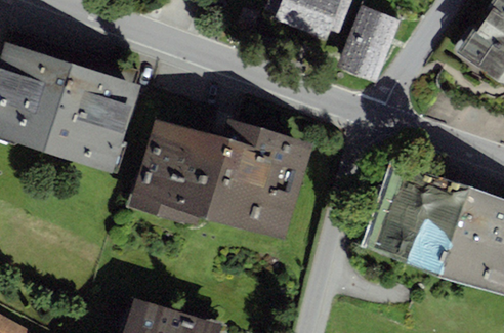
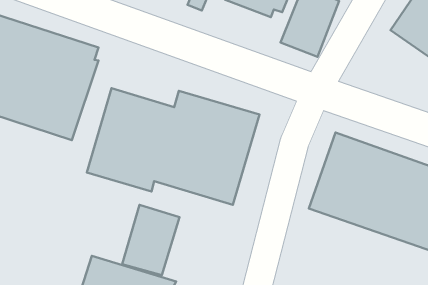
building: none -> [122,205,180,275]

